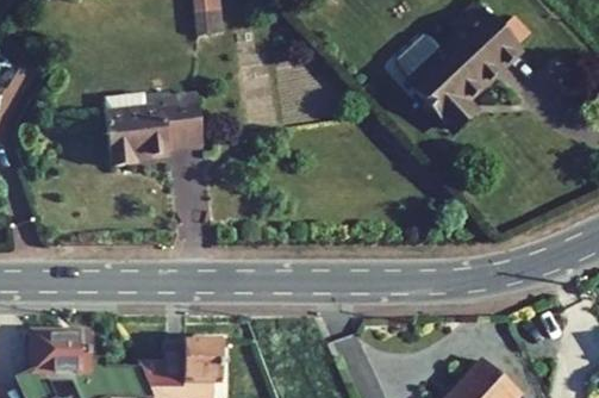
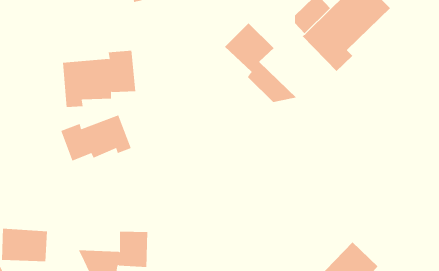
building: none -> [224,23,297,103]
building: none -> [61,115,131,162]

